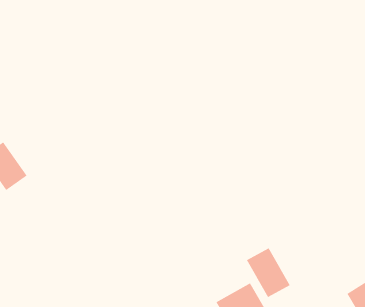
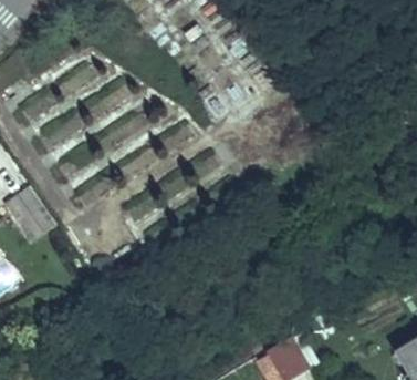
building: [246,247,290,298] -> none

